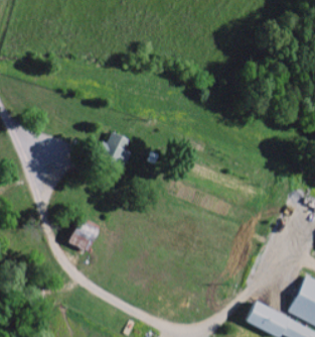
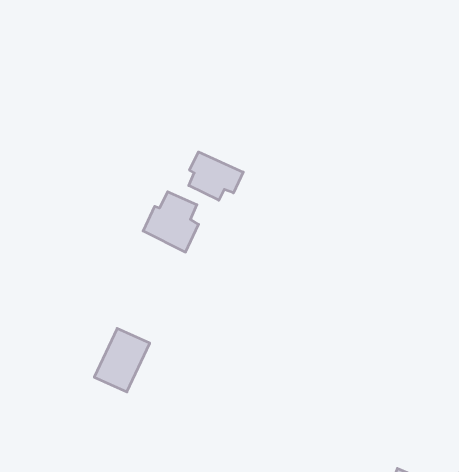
building: none -> [189,152,243,200]

